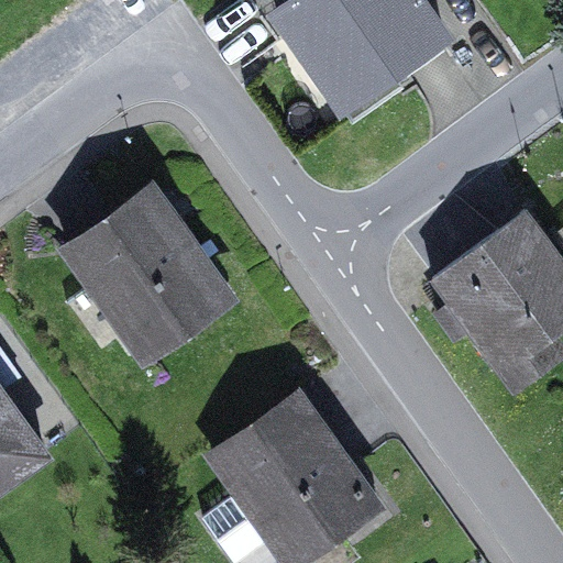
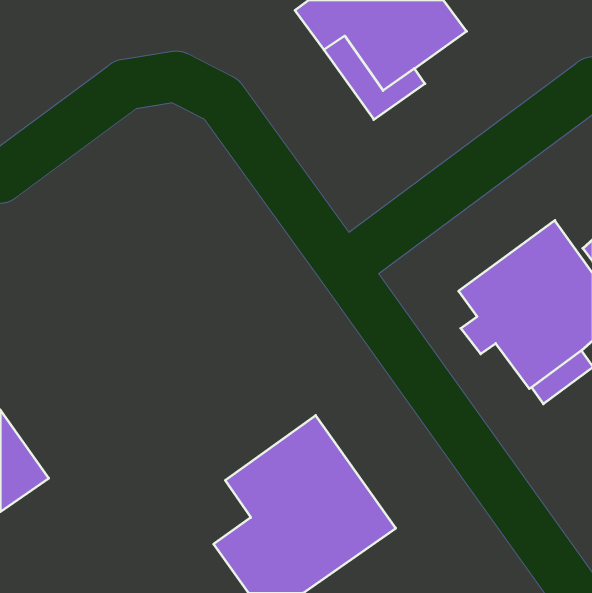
building: [67,187,230,355] -> none

